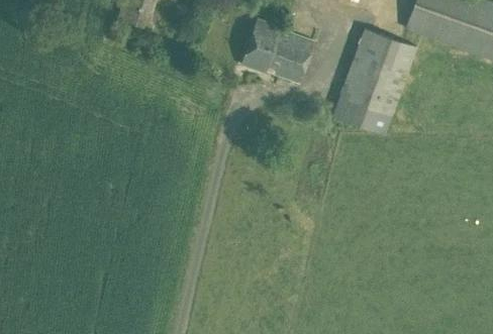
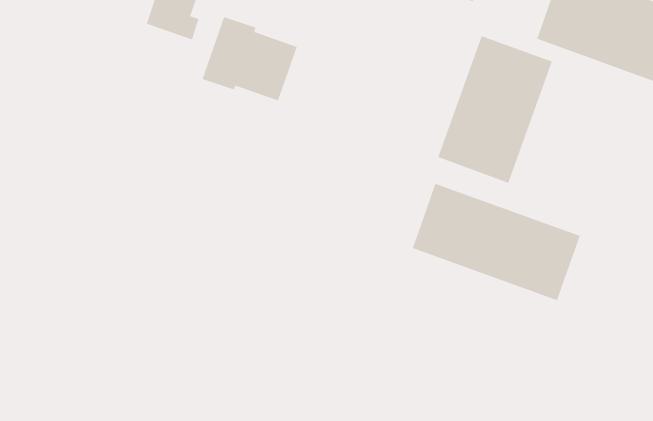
building: [241,19,312,82] -> [202,16,298,102]
building: none -> [412,183,581,301]

